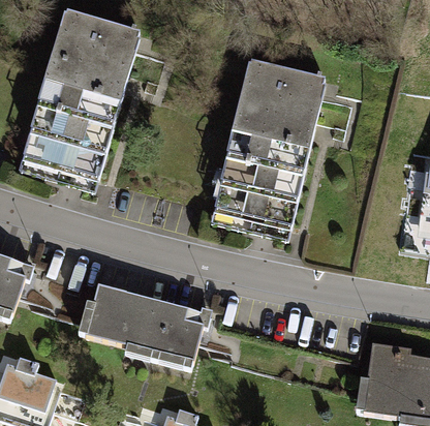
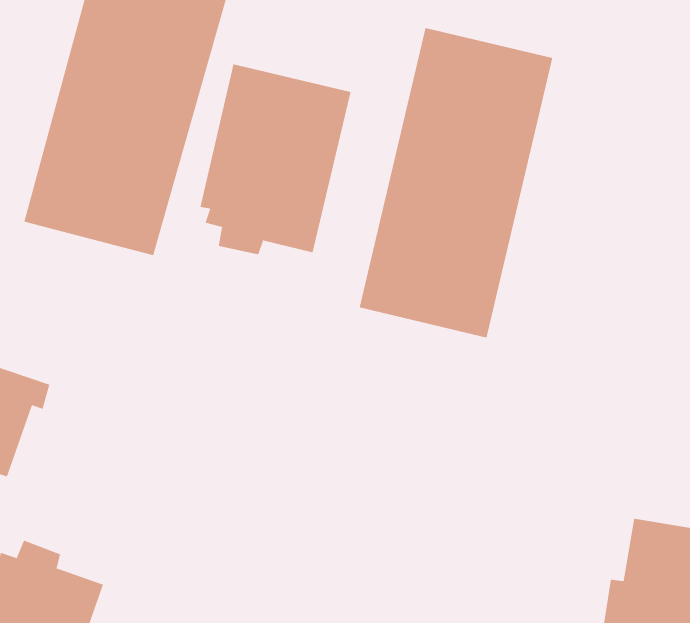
building: none -> [200,64,351,255]
building: [80,284,211,368] -> none

